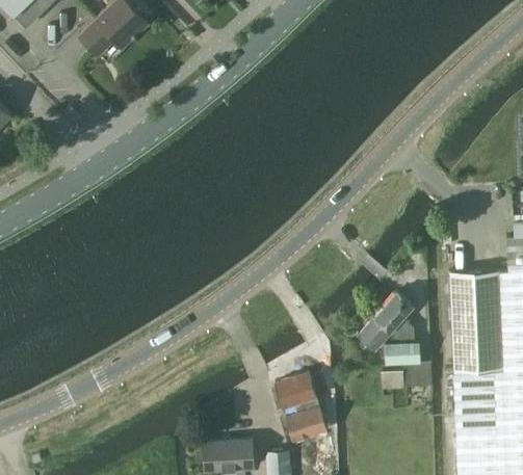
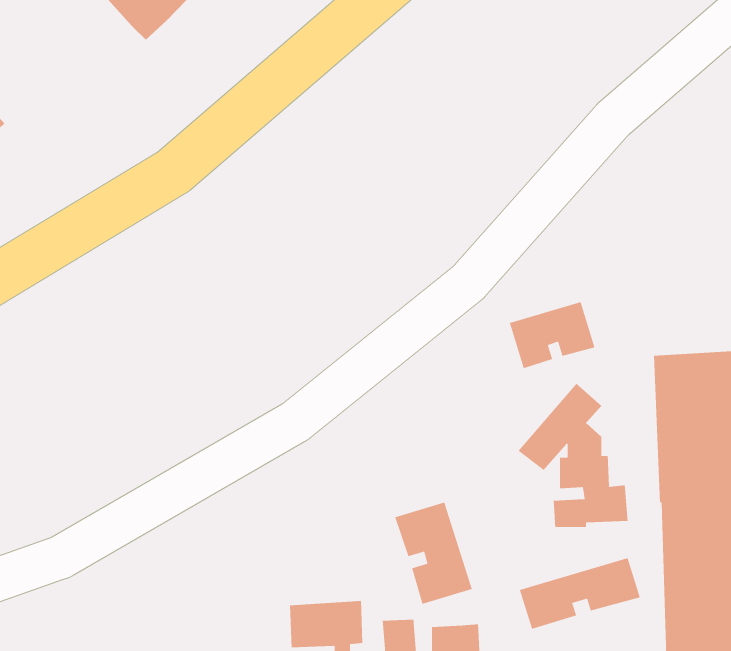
building: none -> [509,301,595,369]
building: none -> [519,557,641,630]

